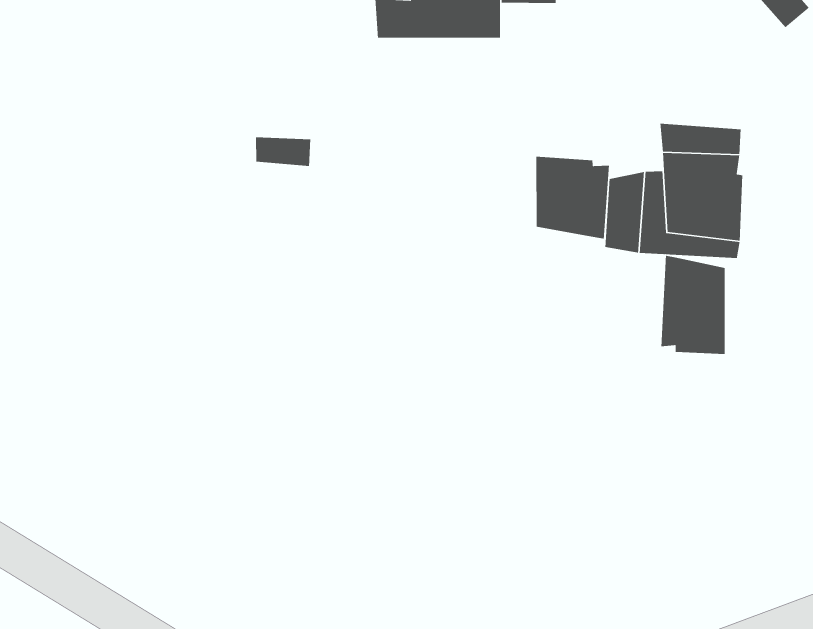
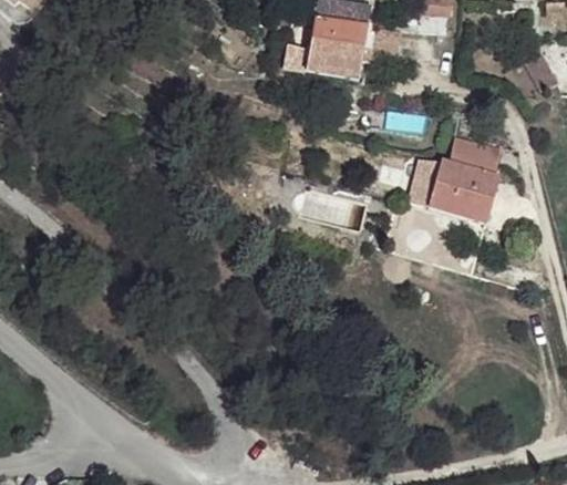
building: [536,156,610,240] -> none
building: [660,255,726,355] -> none

